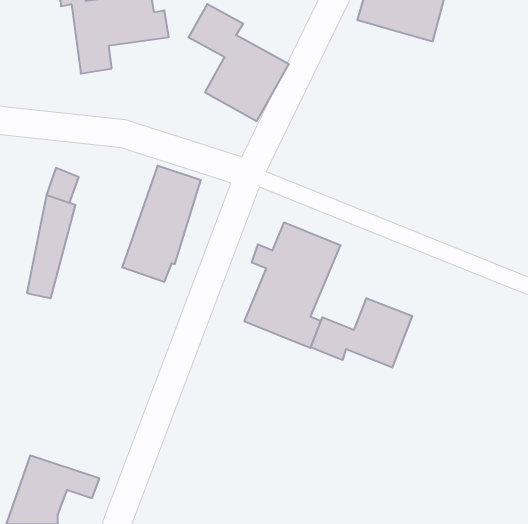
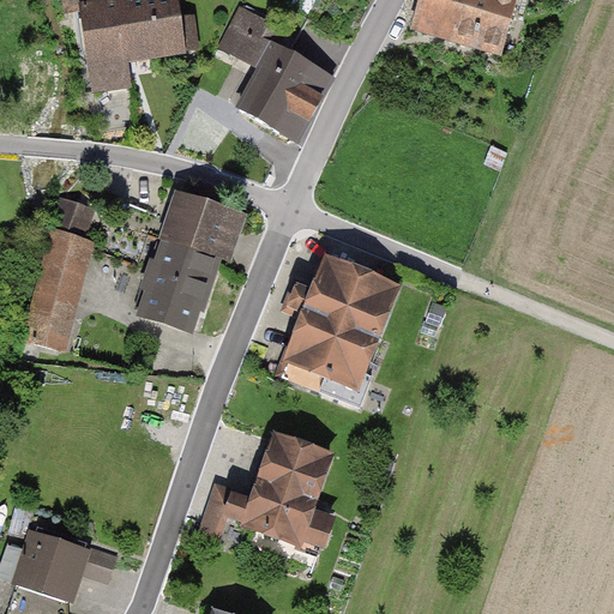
building: [311,298,412,368] -> none
building: none -> [200,434,330,561]

